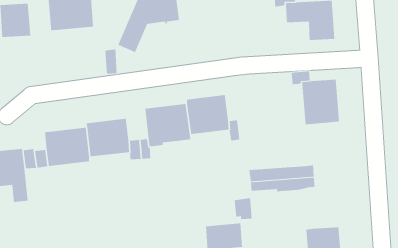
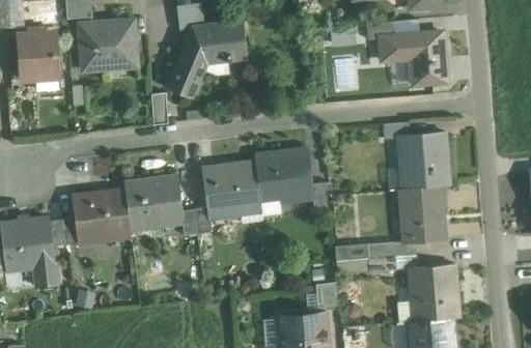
building: none -> [400,185,444,240]
building: none -> [409,264,458,320]

